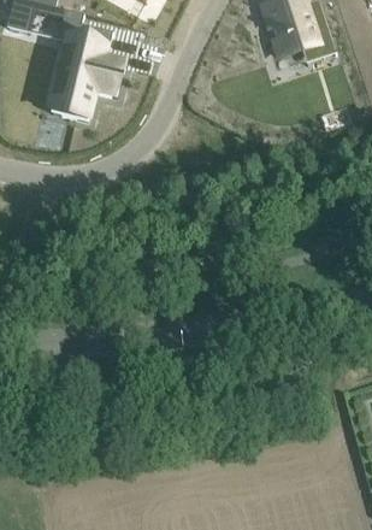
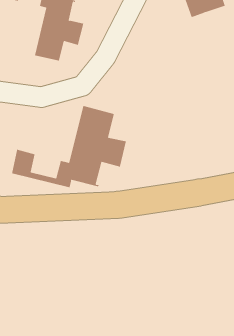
building: none -> [12,105,126,188]

